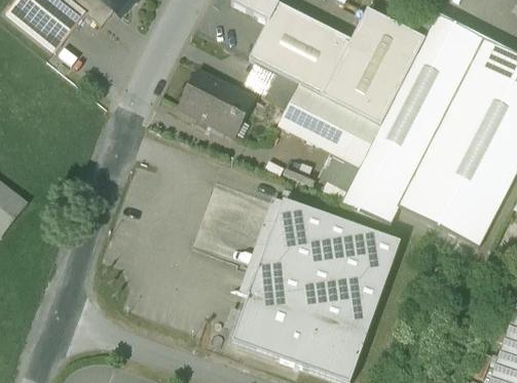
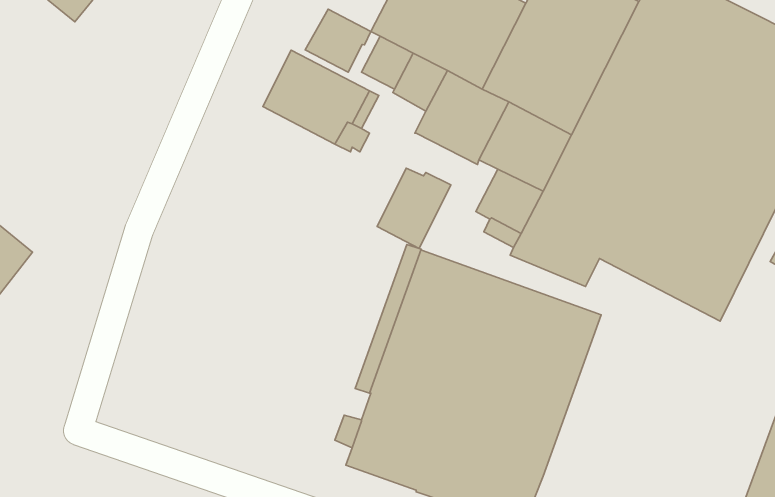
building: none -> [305,9,371,72]
building: none -> [377,168,451,248]

